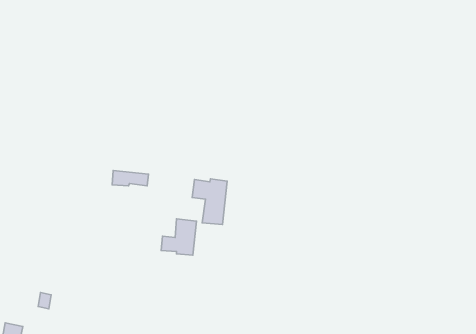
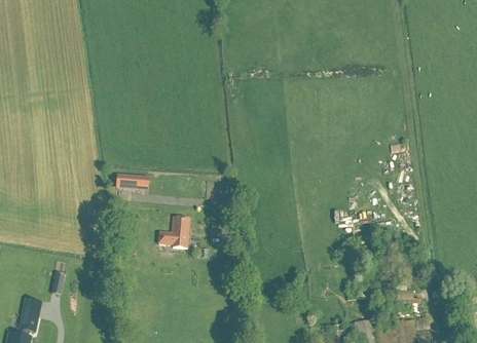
building: [192,179,227,225] -> none

